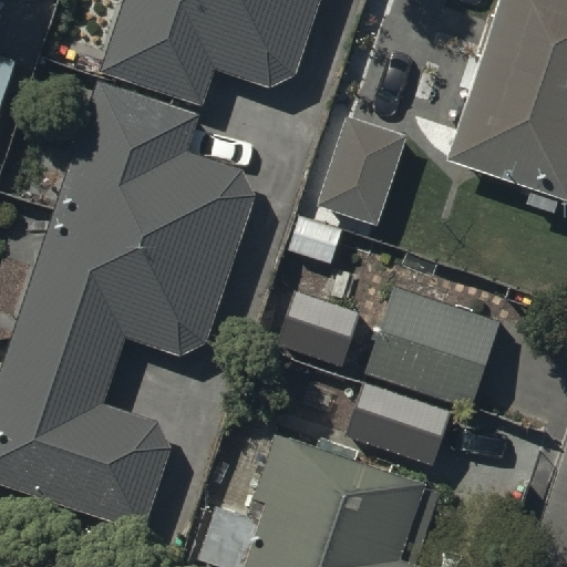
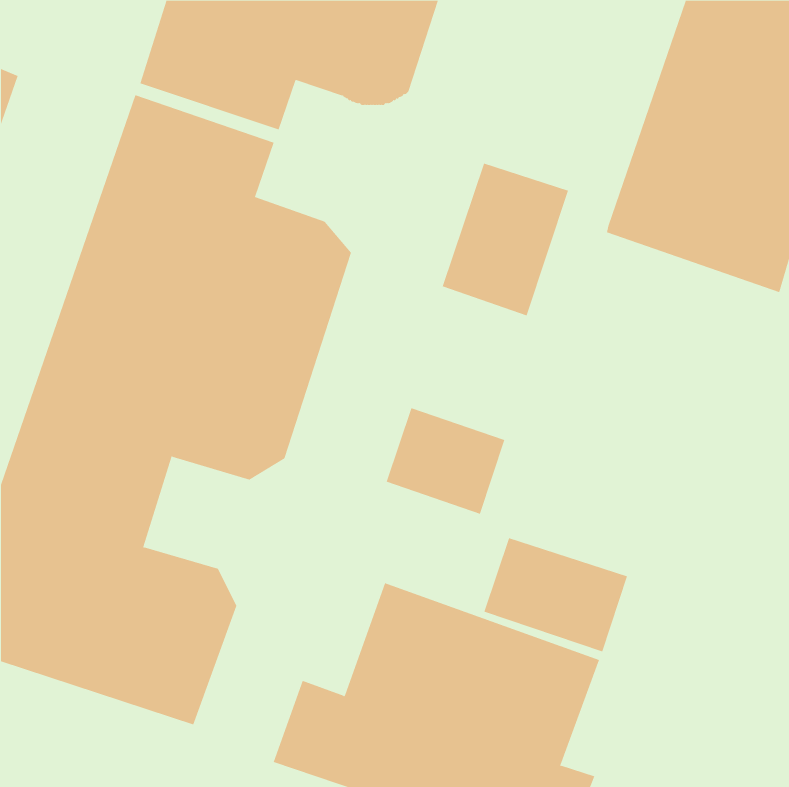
building: [368,290,502,410] -> none

